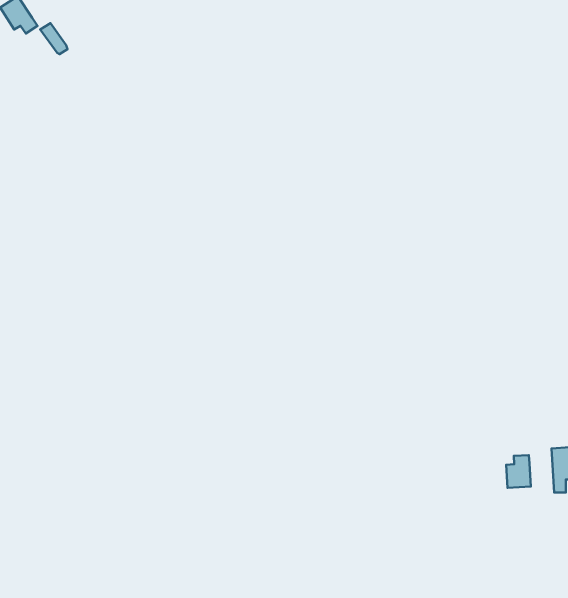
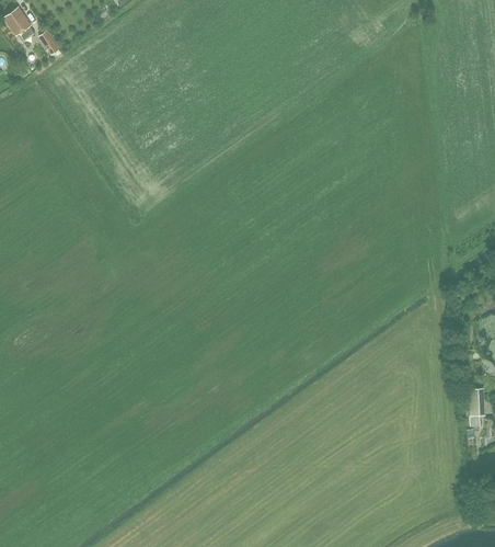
building: [506,455,531,488] -> none

